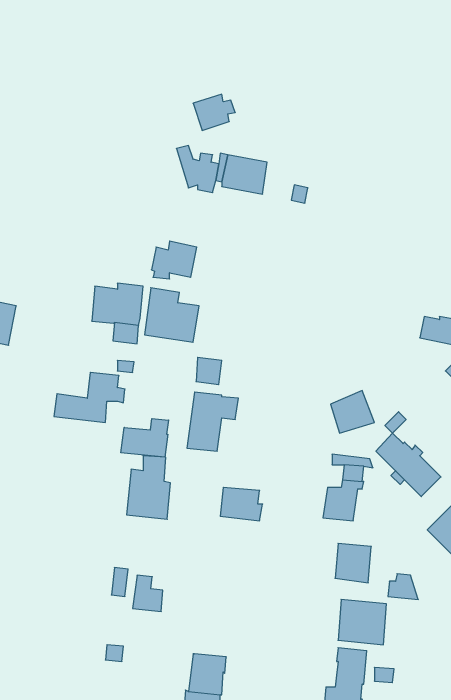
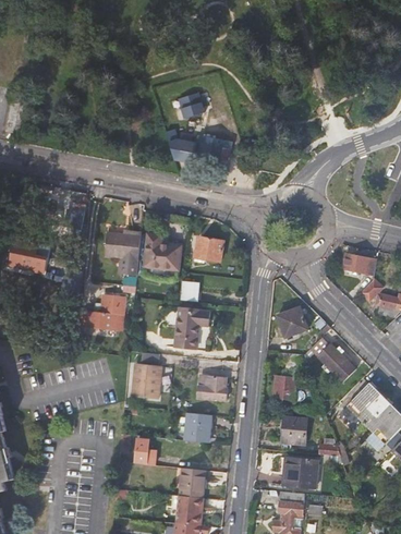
building: [151,241,197,279] -> [192,236,224,264]
building: [121,419,169,457] -> none
building: none -> [184,412,211,444]
building: none -> [179,469,205,498]

